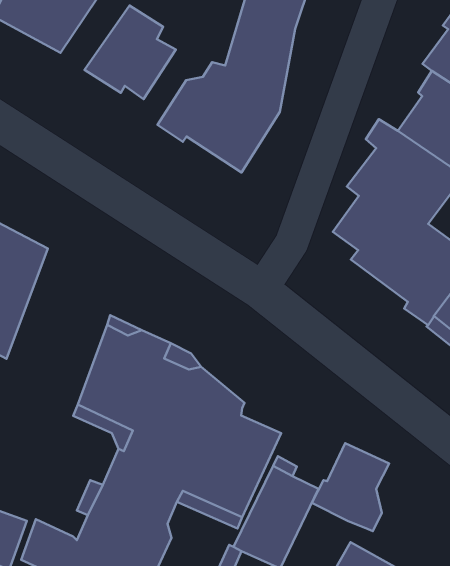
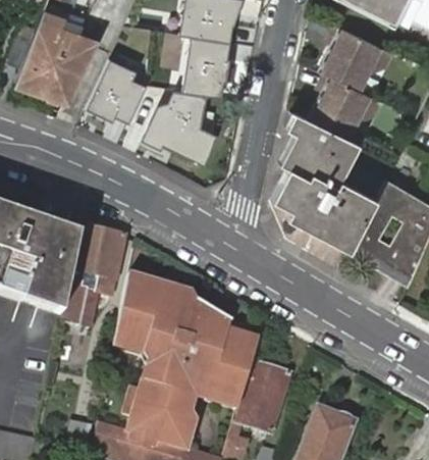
building: none -> [62,225,124,323]
building: [312,443,389,531] -> none

